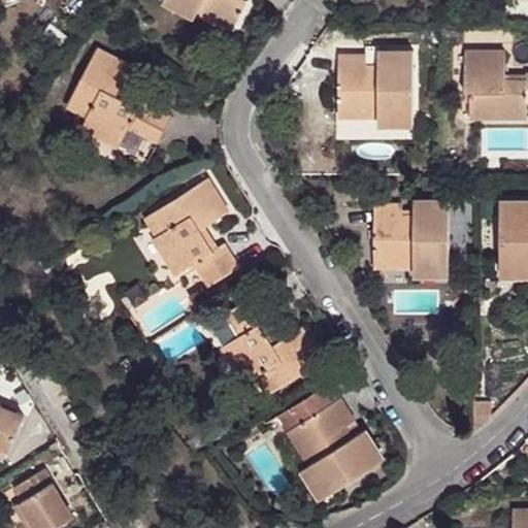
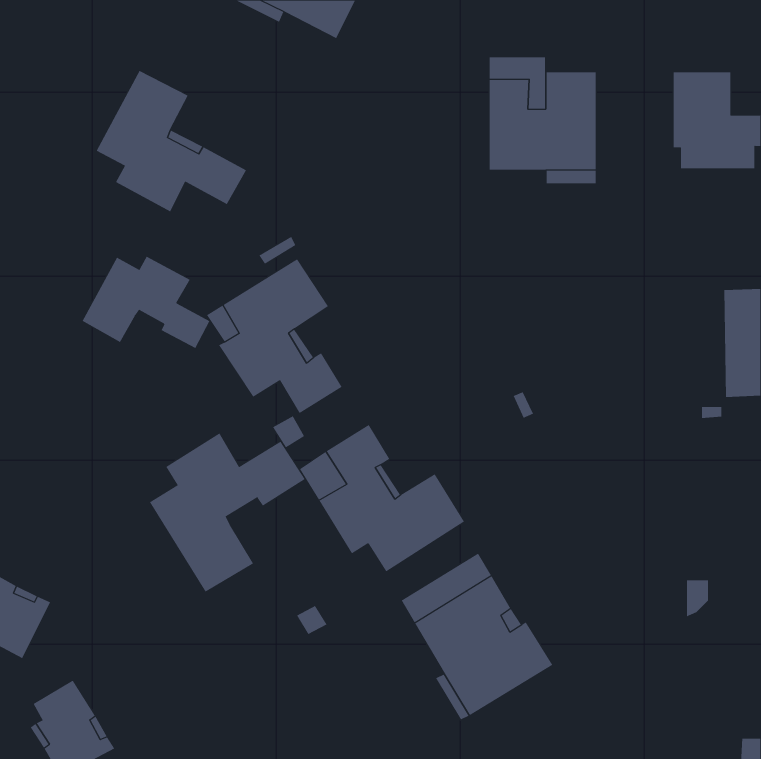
building: none -> [82,256,210,349]
building: [367,202,448,270] -> none
building: none -> [149,433,305,592]

